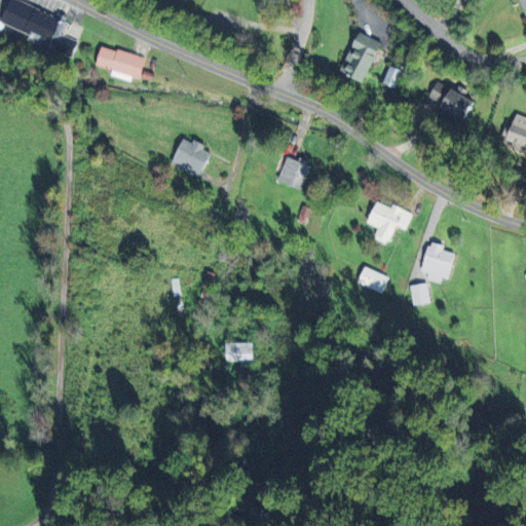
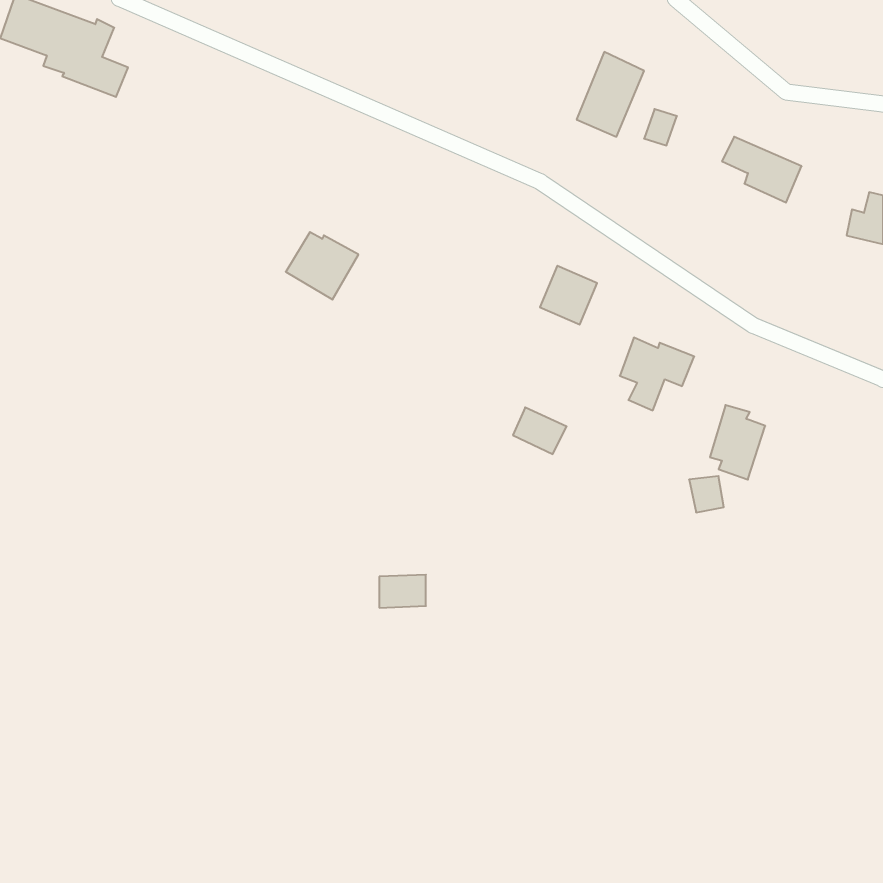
building: [96,44,145,81] -> none
building: [277,154,311,189] -> [540,266,597,325]
building: [358,265,389,293] -> [513,407,567,454]

